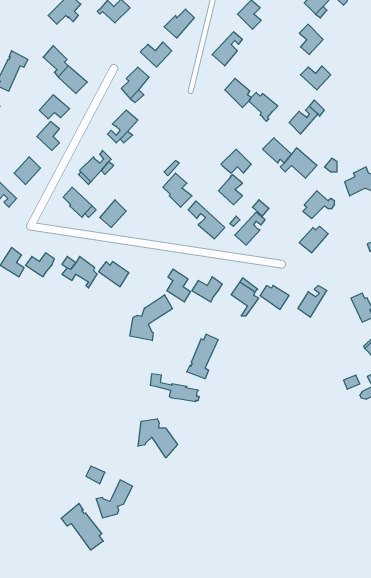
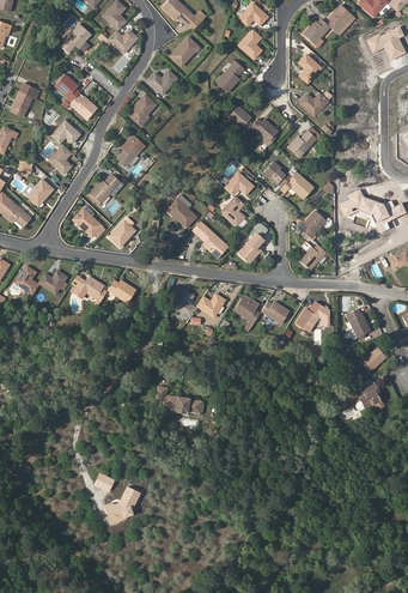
building: [130,295,173,341] -> none
building: [187,334,218,379] -> none
building: [138,419,177,458] -> none
building: [61,503,103,550] -> none

